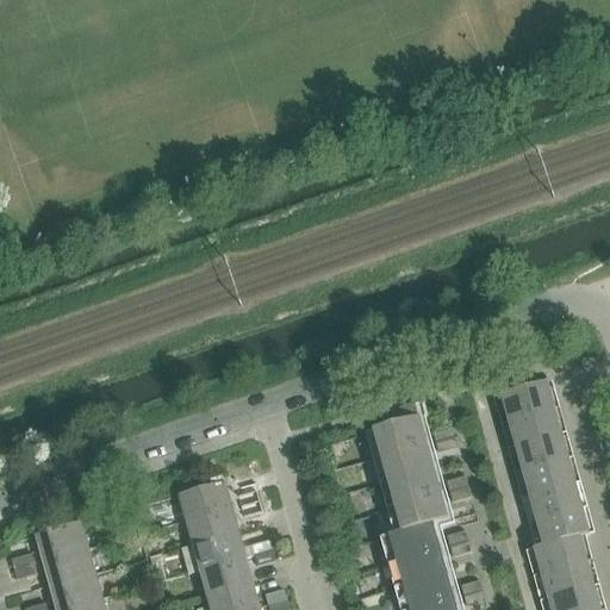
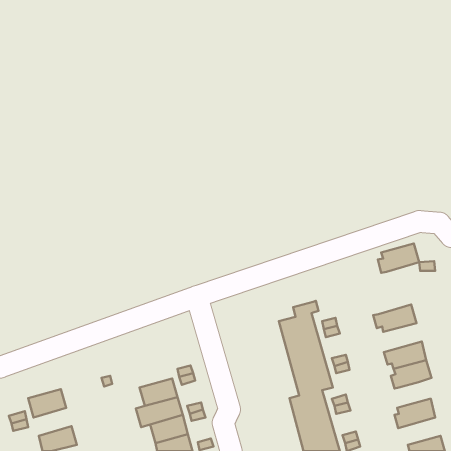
building: [499,386,555,425] -> [378,244,419,273]
building: [513,436,569,475] -> none
building: [181,485,232,523] -> none
building: [533,510,590,548] -> none
building: [45,550,97,589] -> none
building: [537,564,595,600] -> none

